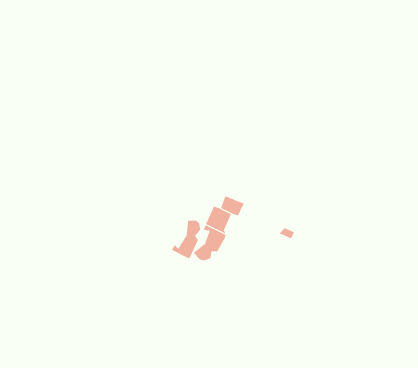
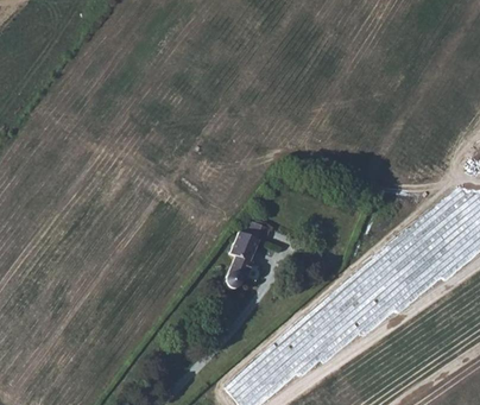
building: [171,220,201,259] -> none

